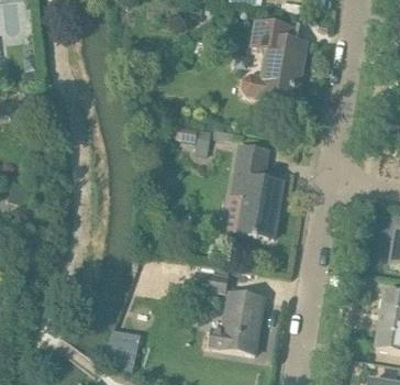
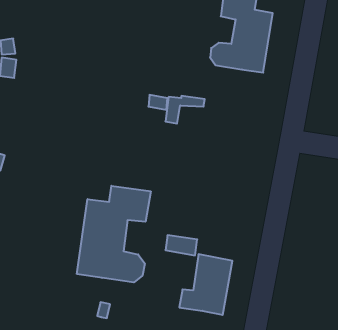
building: [232,145,282,238] -> none
building: none -> [77,186,151,282]

